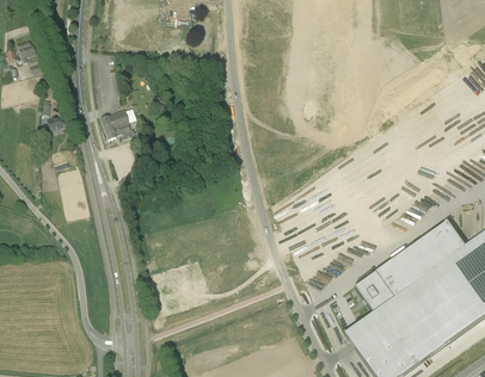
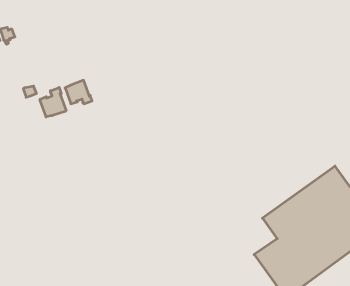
building: none -> [40,87,66,117]

